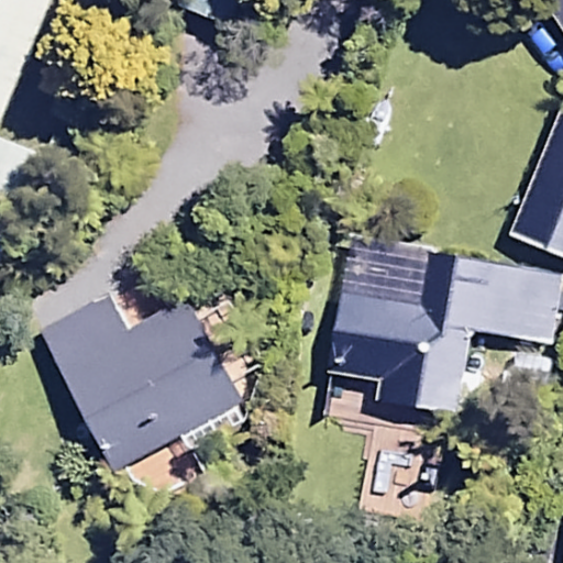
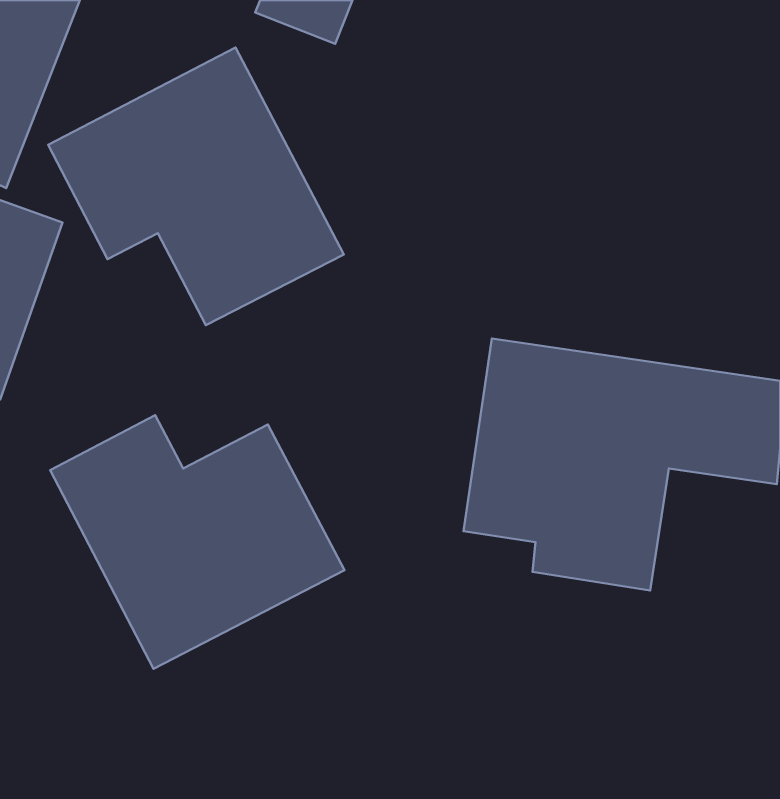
building: none -> [48,47,344,325]

